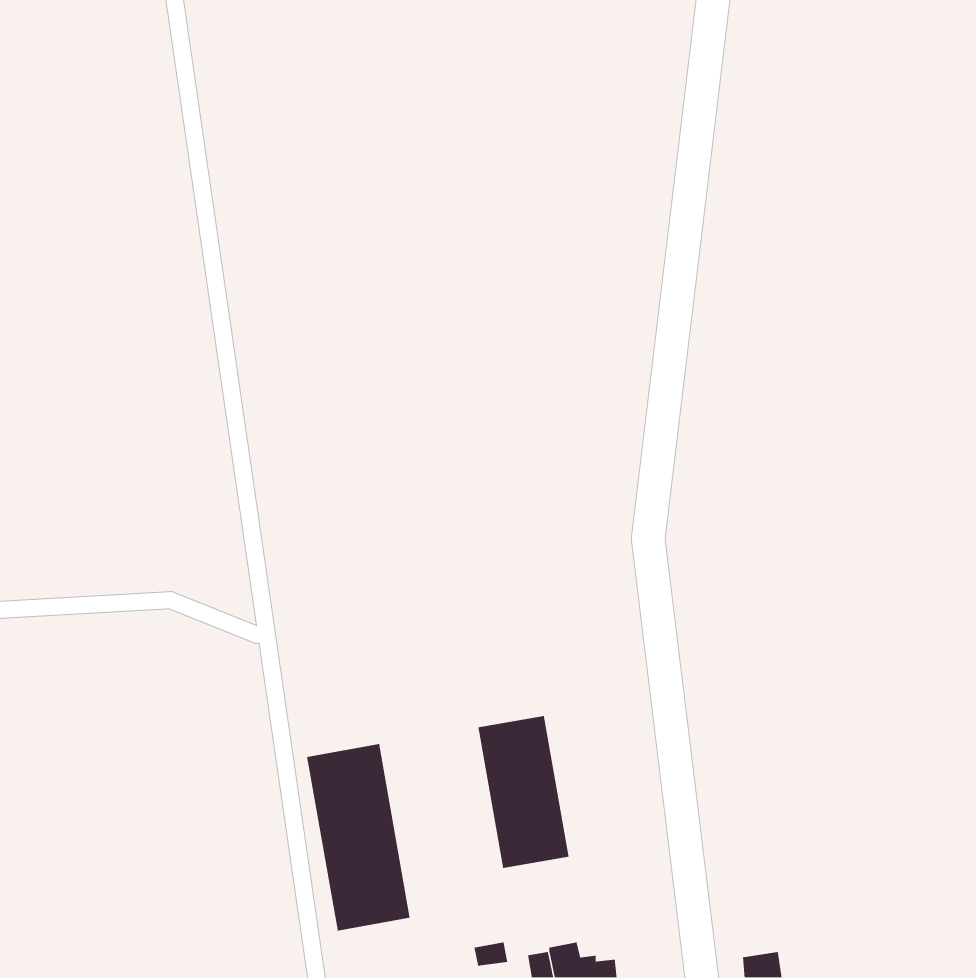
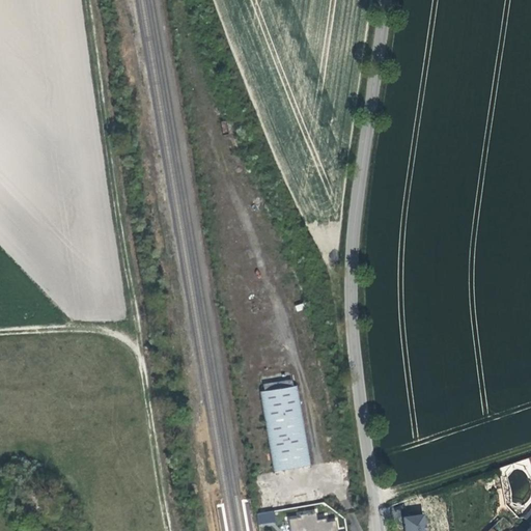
building: [306,743,410,932] -> none

